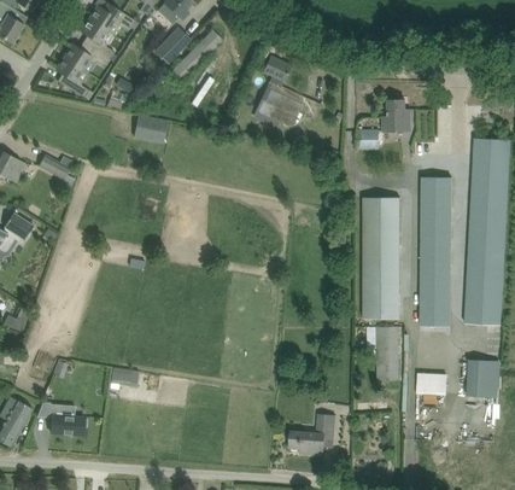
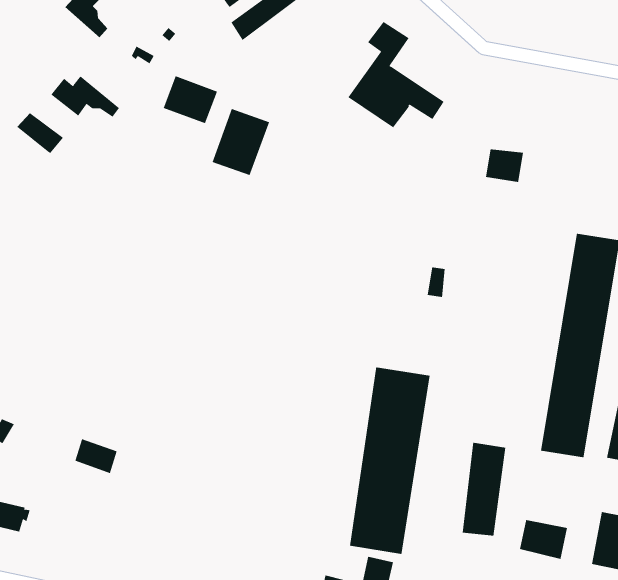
building: [380,100,409,132] -> none
building: none -> [50,76,120,117]
building: none -> [212,108,270,176]
building: [362,197,399,319] -> [349,367,430,554]

